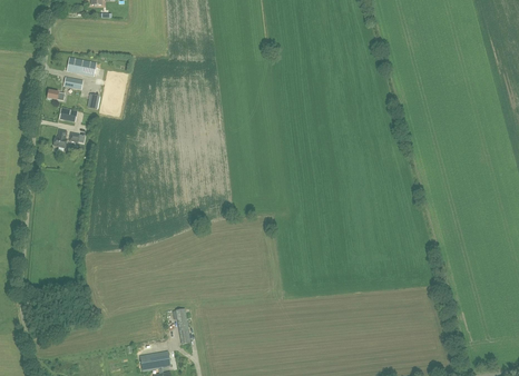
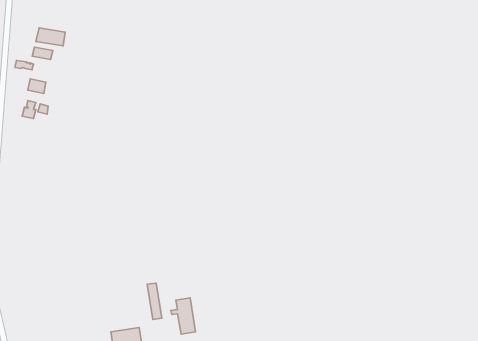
building: none -> [171,298,196,334]

